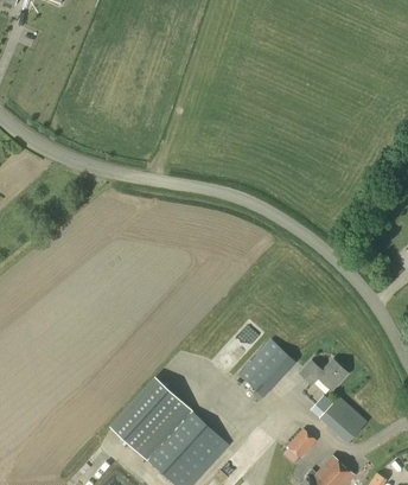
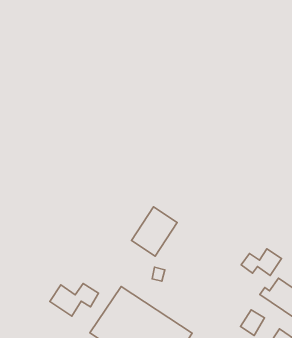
building: [238,338,295,396] -> [132,207,177,256]
building: none -> [50,284,99,316]

